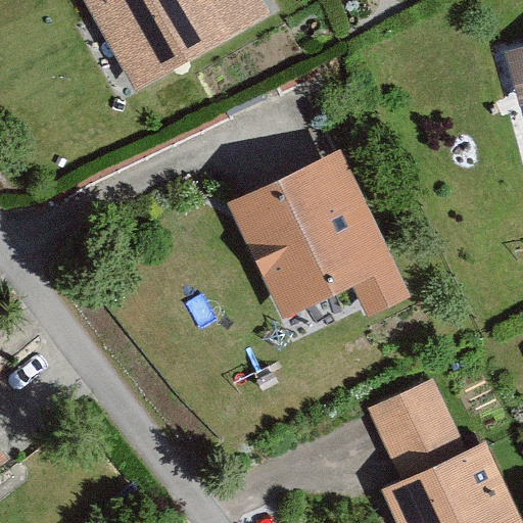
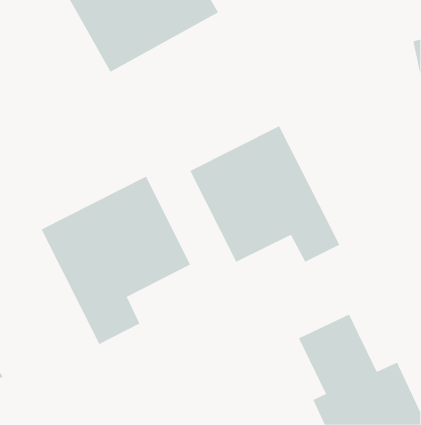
building: none -> [41,176,191,345]

